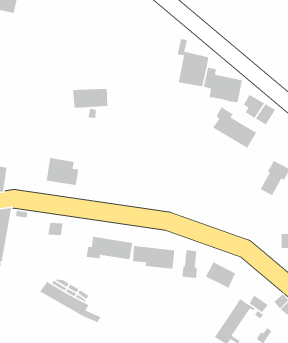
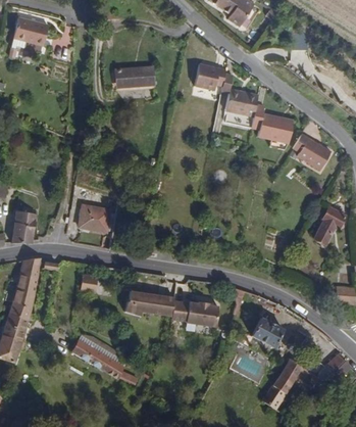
building: none -> [194,62,225,89]
building: [72,88,108,109] -> [114,65,154,88]
building: [212,106,257,149] -> none
building: [181,249,198,279] -> none

